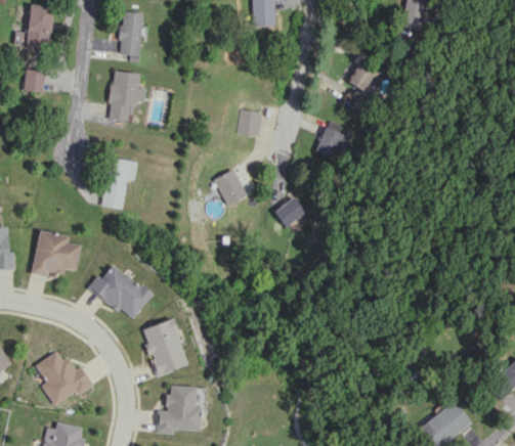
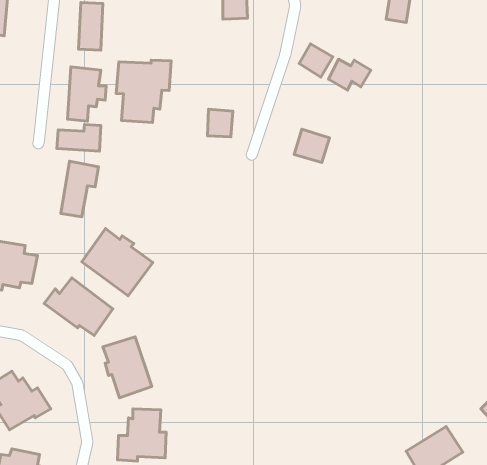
building: none -> [299,44,333,77]
building: none -> [116,60,171,122]
building: none -> [57,124,101,151]
building: [215,170,246,205] -> none
building: [274,190,308,228] -> none
building: none -> [82,228,153,296]

